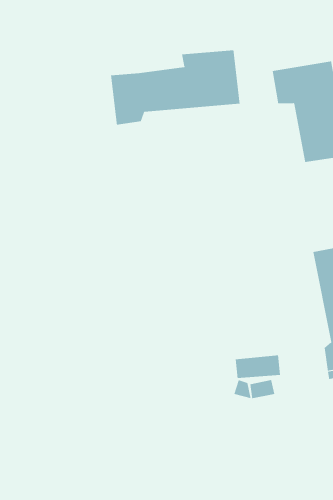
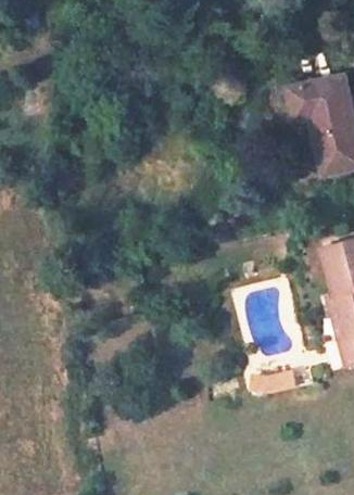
building: [110,49,240,126] -> none

